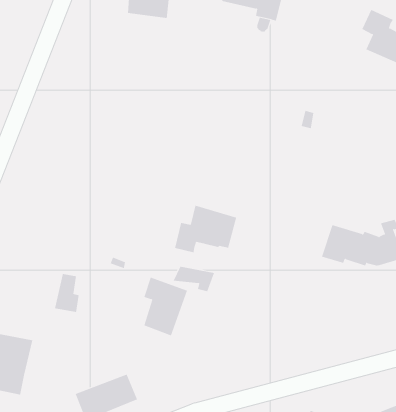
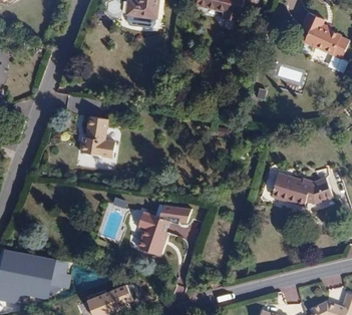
building: none -> [78,115,112,156]
building: [174,205,237,253] -> none
building: [54,274,80,313] -> [49,258,68,287]

